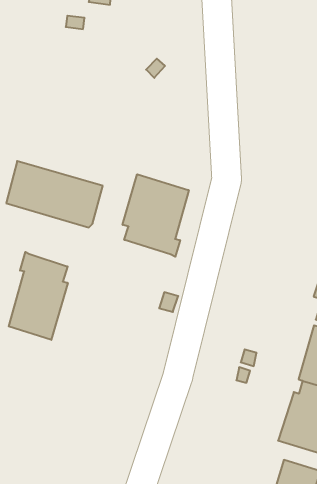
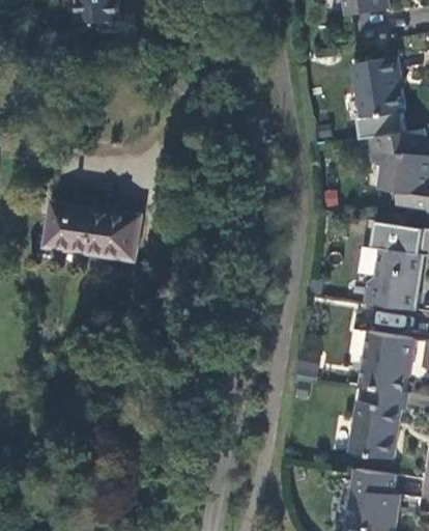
building: [123,174,189,257] -> none
building: [9,252,68,340] -> none

